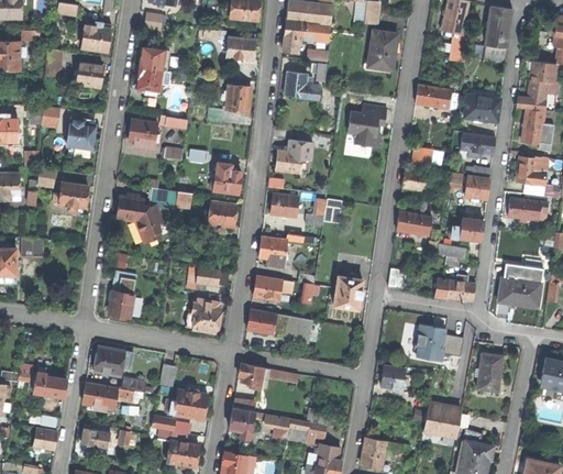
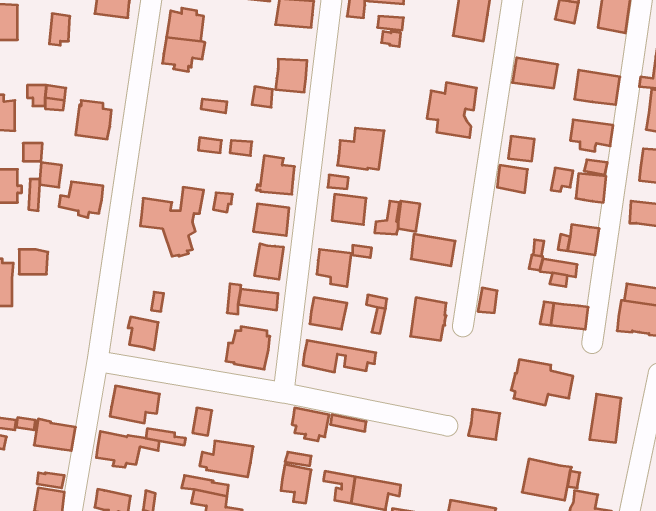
building: [76,62,102,87] -> none
building: [284,70,319,99] -> none
building: [128,119,157,150] -> none
building: [396,210,431,235] -> [411,234,455,266]
building: none -> [255,244,283,279]

